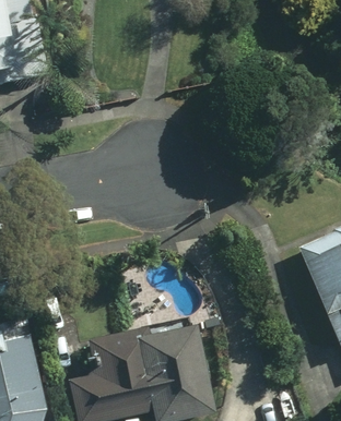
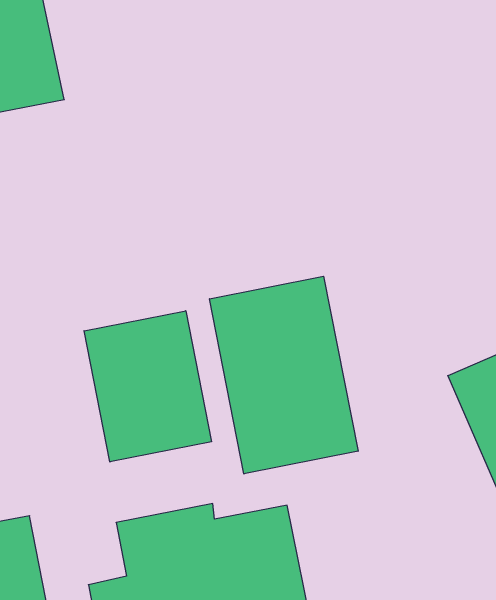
building: none -> [210,276,358,474]
building: none -> [84,311,211,462]

